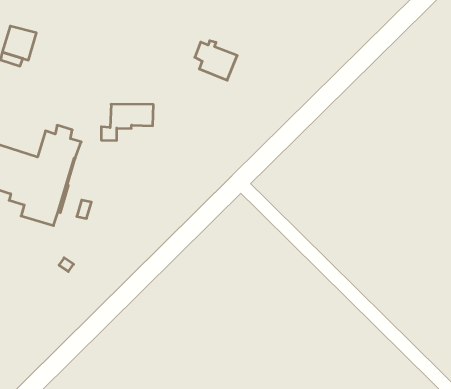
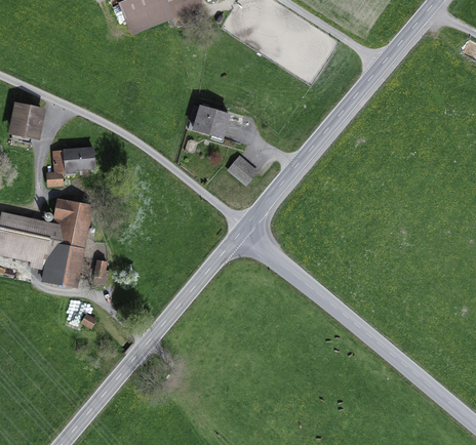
building: none -> [229,156,257,184]
building: [101,104,153,140] -> [47,148,94,185]

